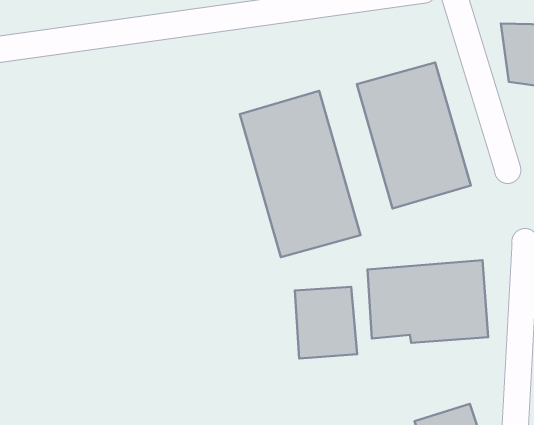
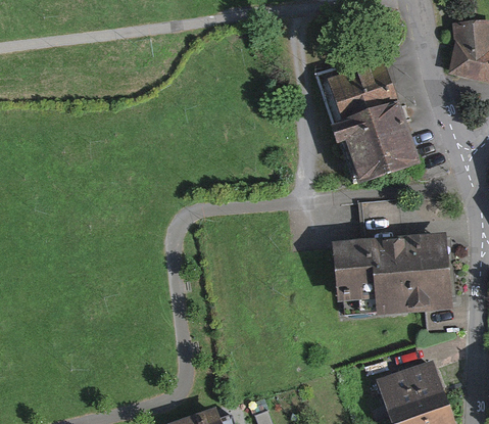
building: [240,91,361,257] -> none
building: [295,287,357,359] -> none

